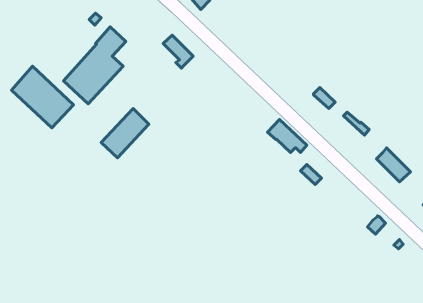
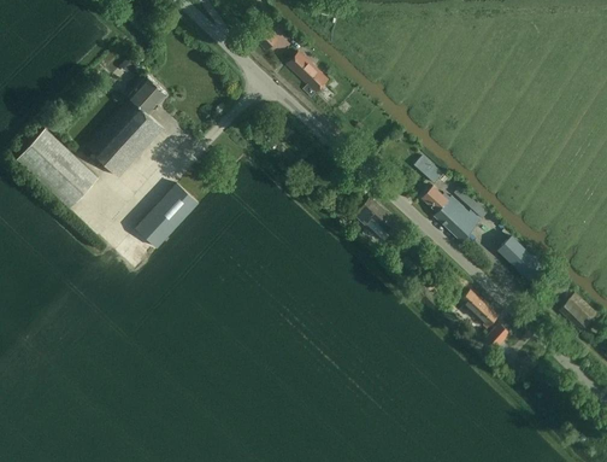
building: [163,35,193,68] -> [288,53,328,97]
building: none -> [423,187,482,241]
building: none -> [460,291,500,328]

